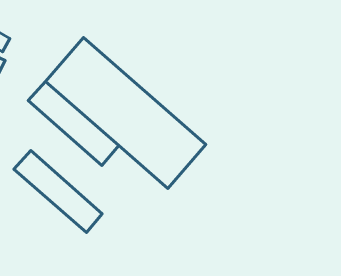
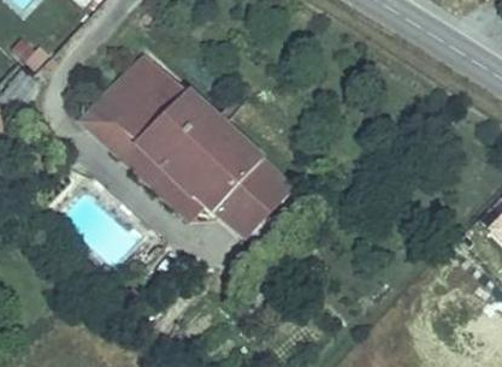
building: [14,151,102,232] -> none

